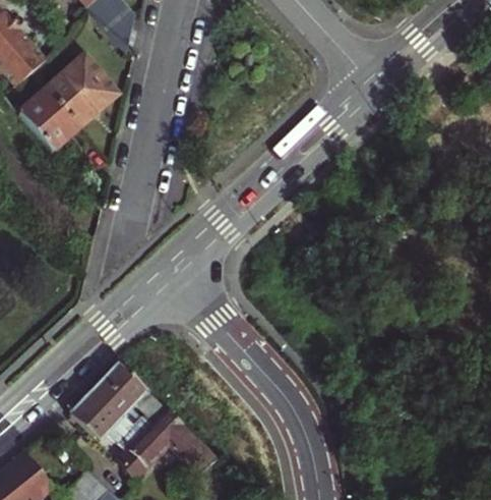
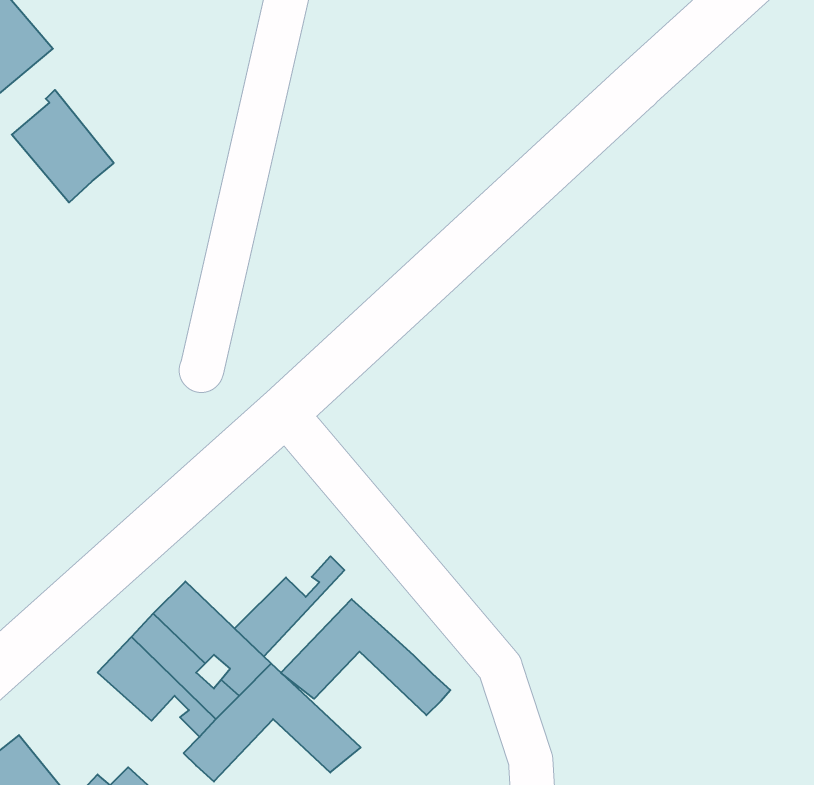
building: [44,53,119,125] -> none
building: none -> [235,556,344,656]
building: none -> [281,599,450,715]

